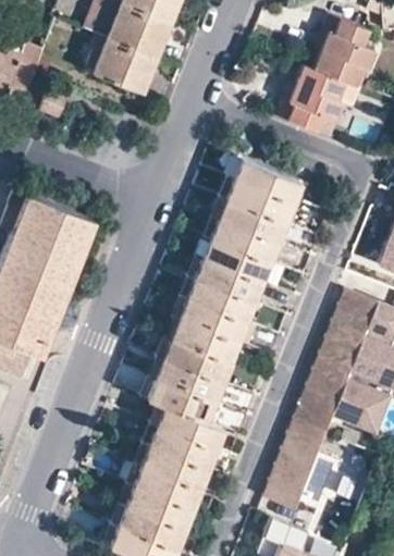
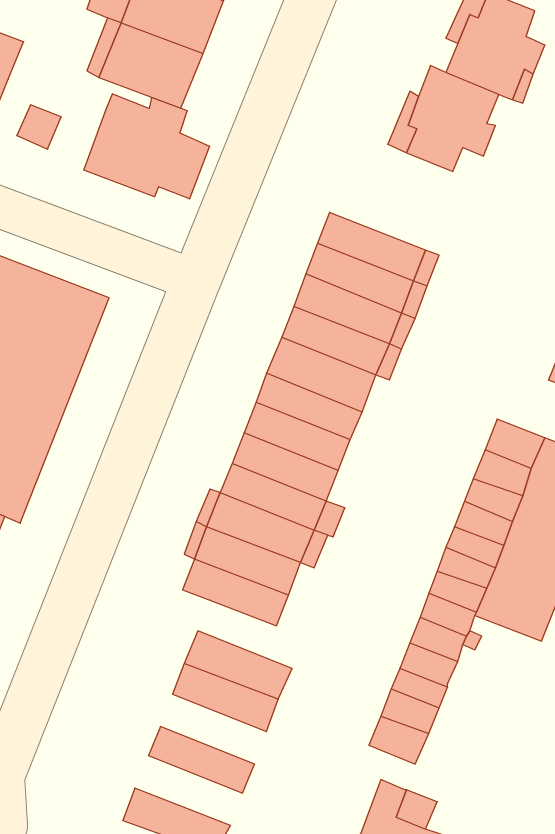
building: none -> [84,94,209,199]
building: [156,406,223,449] -> none
building: [132,466,199,510] -> none
building: [115,505,184,549] -> none

